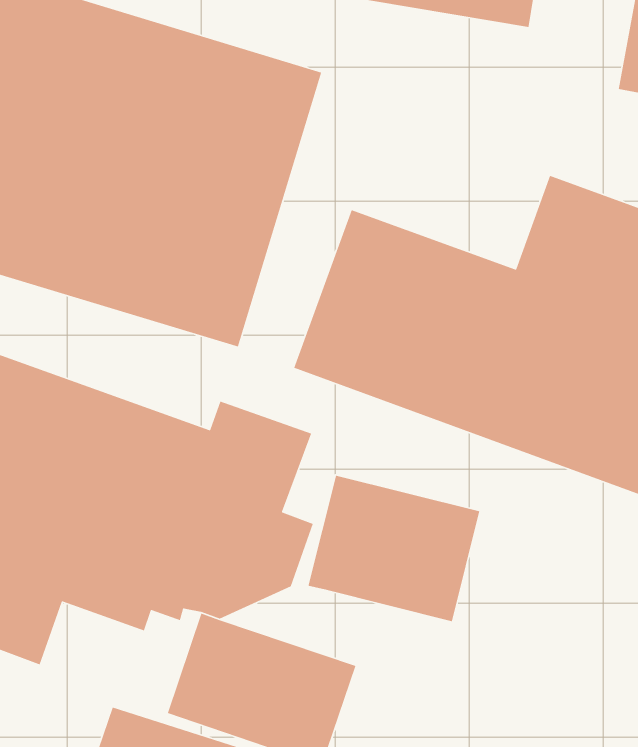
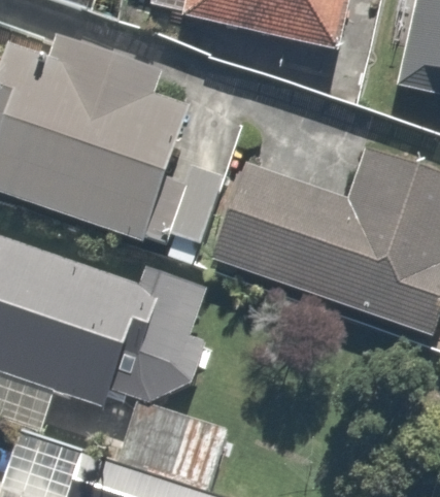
building: [308,475,480,622] -> none

